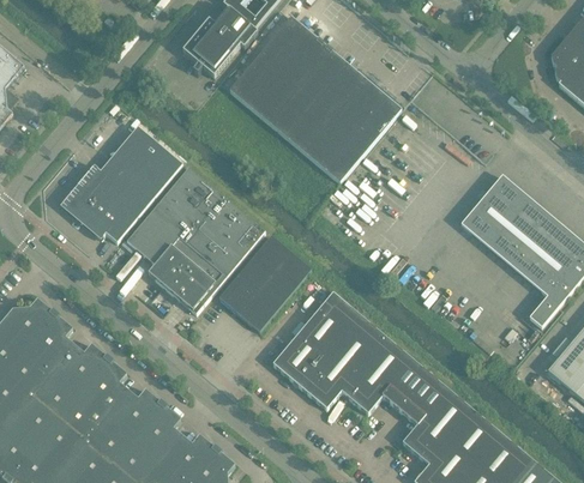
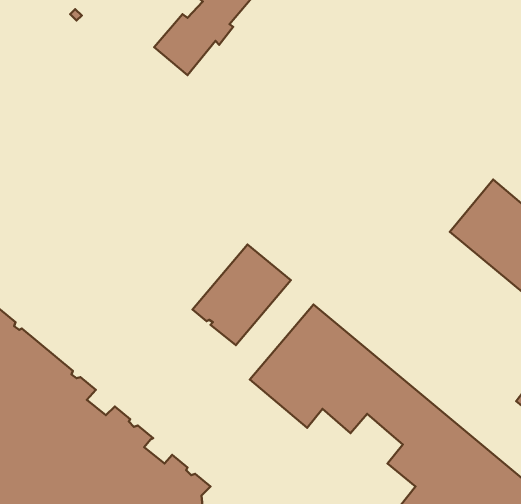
building: [230,17,402,182] -> none
building: [61,126,183,242] -> none
building: [127,167,265,310] -> none

